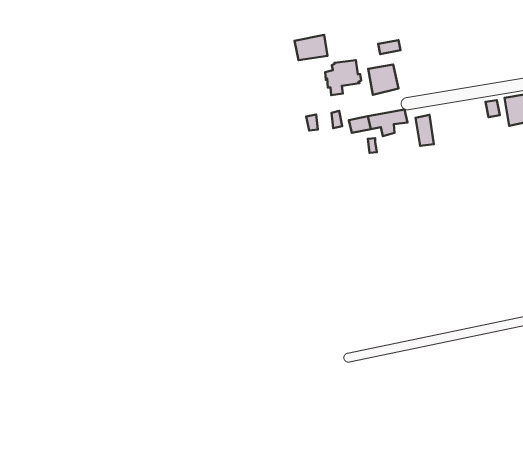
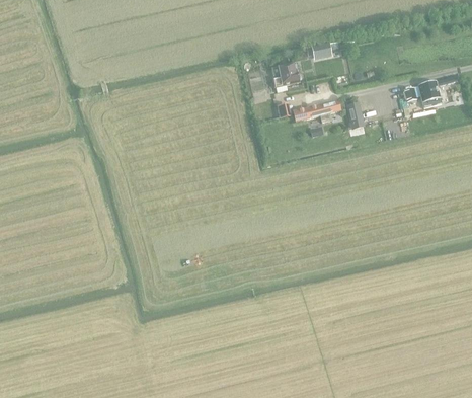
building: [295,35,328,60] -> none
building: [368,65,398,95] -> none

